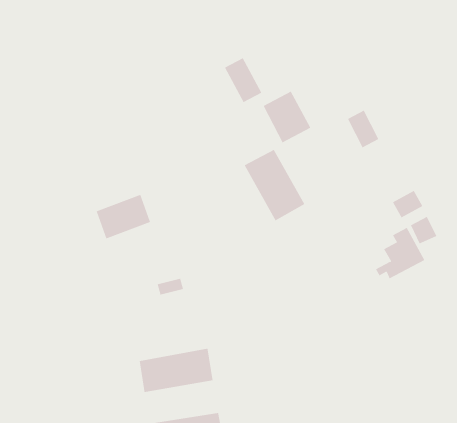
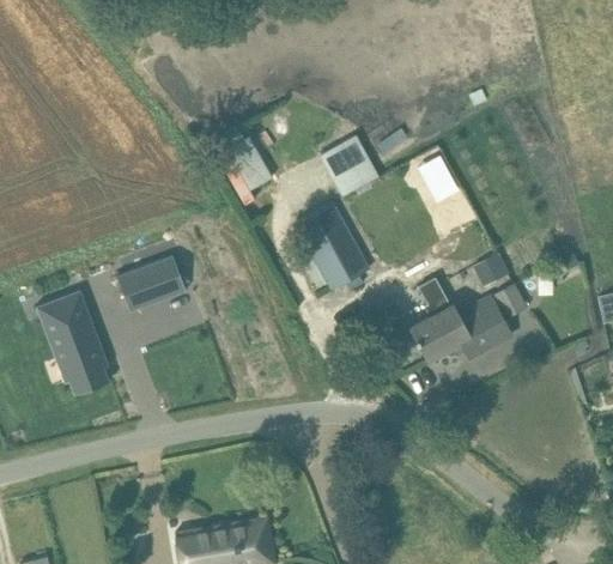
building: [224,58,262,103] -> [230,135,275,189]
building: none -> [411,278,471,360]
building: none -> [36,290,110,386]
building: [139,348,213,393] -> none

